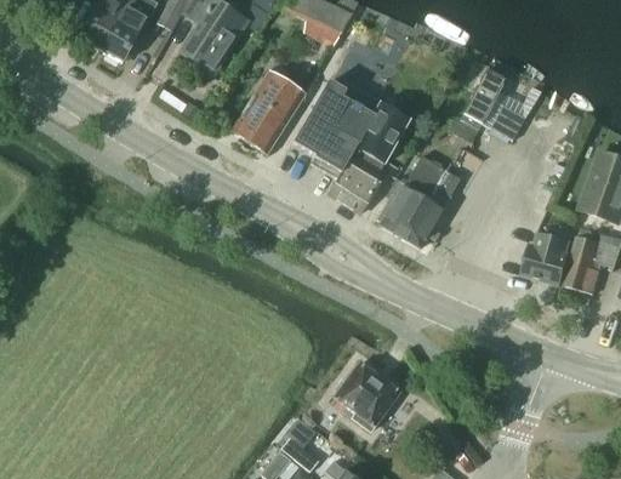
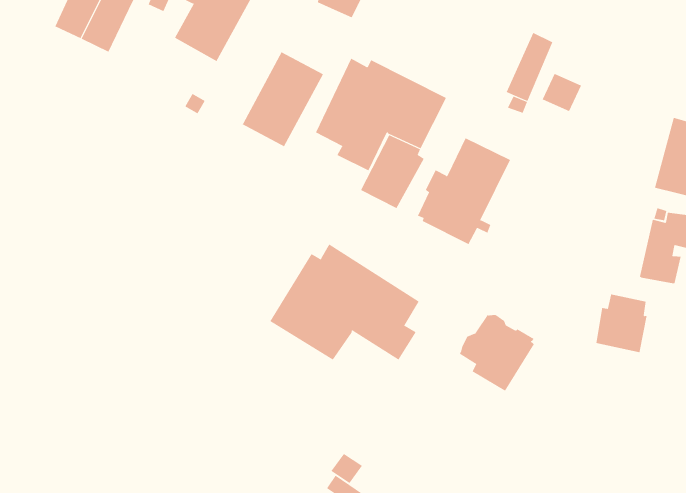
building: [523,233,569,285] -> [596,294,647,353]
building: none -> [269,244,419,360]
building: [332,363,398,430] -> [459,314,535,392]

